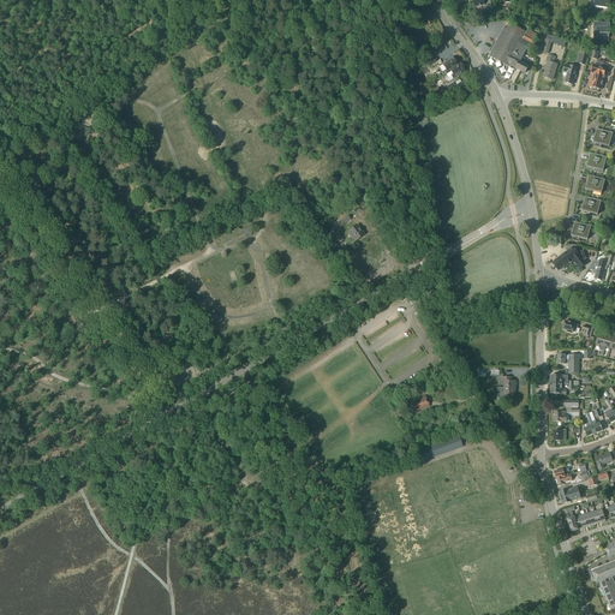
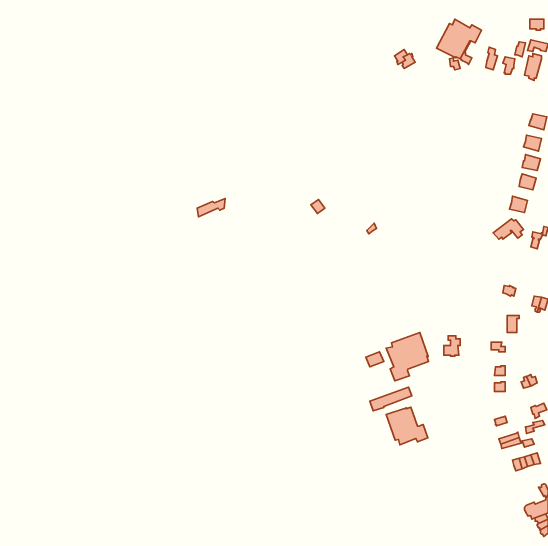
building: none -> [386,333,429,381]
building: none -> [386,407,428,445]

